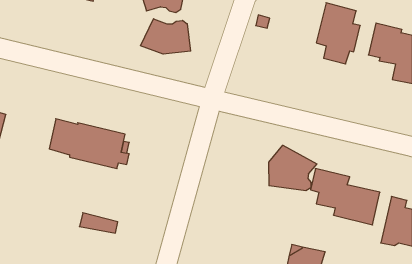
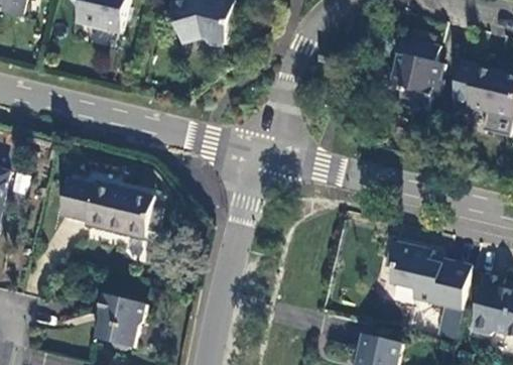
building: [141,19,191,54] -> none
building: [269,145,317,191] -> none
building: none -> [95,311,143,351]

